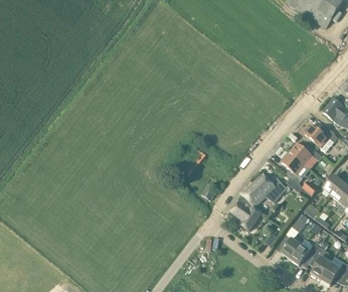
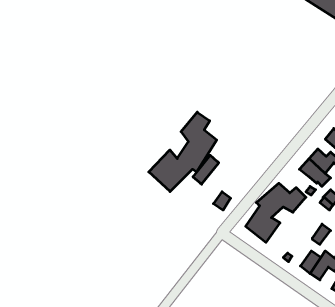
building: none -> [149,112,217,192]

